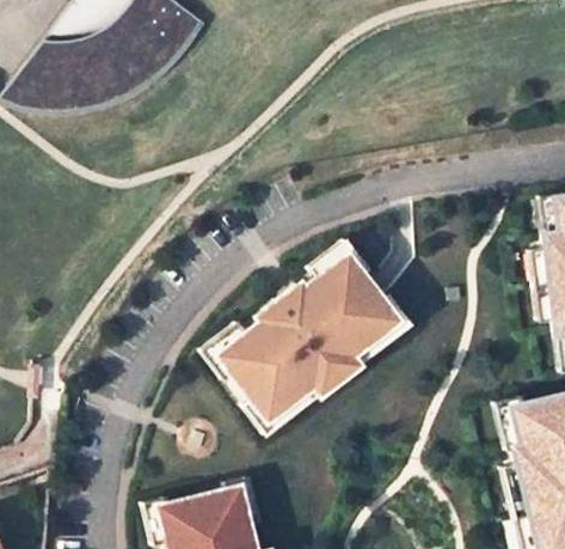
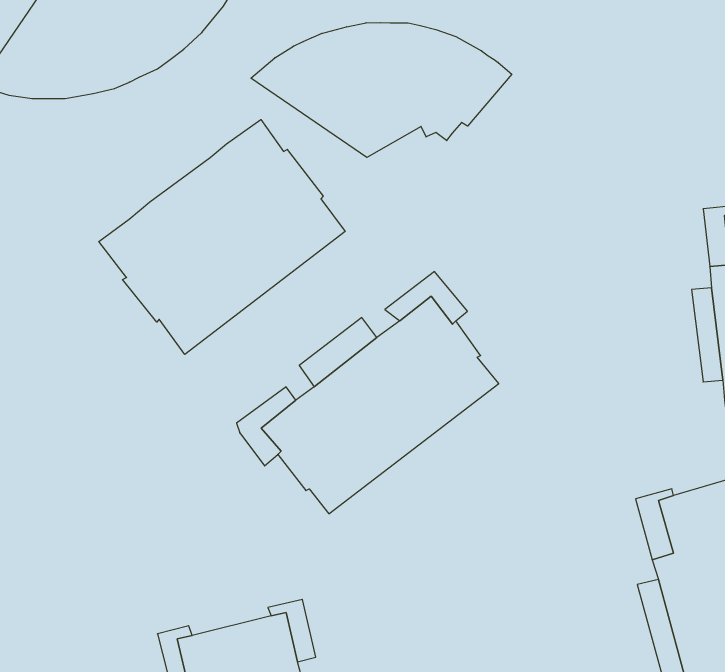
building: none -> [251,23,512,157]
building: none -> [99,120,345,354]
building: [248,291,414,433] -> none

